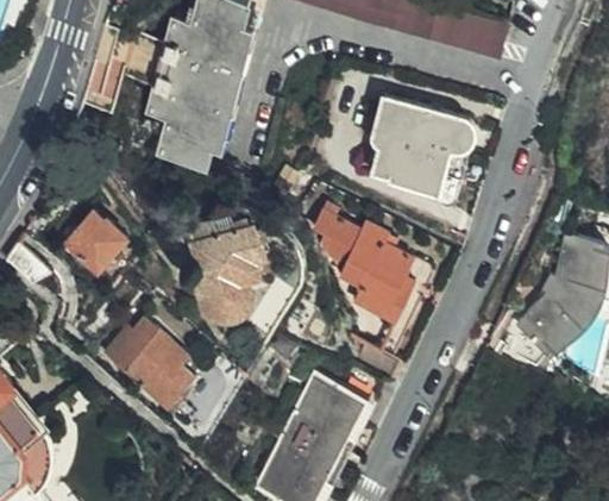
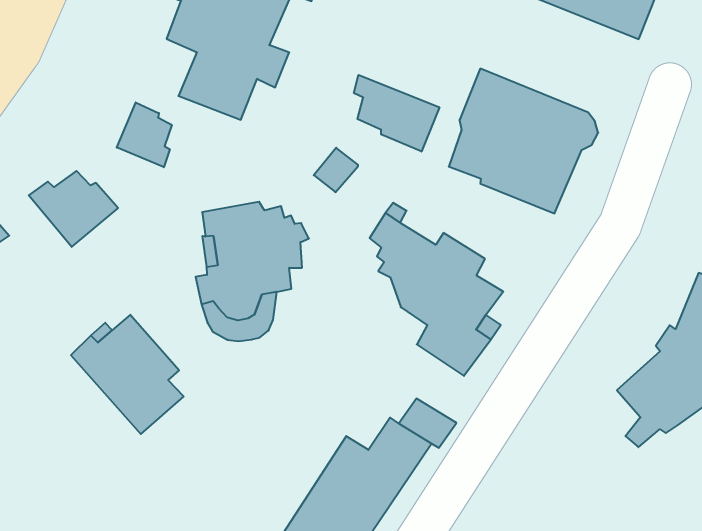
building: none -> [354,75,439,152]
building: none -> [117,102,172,167]

